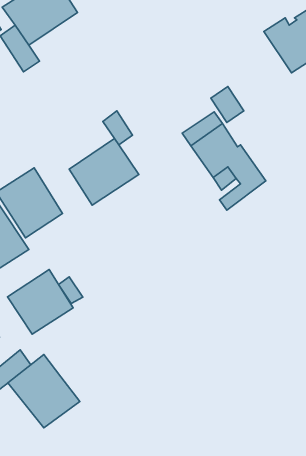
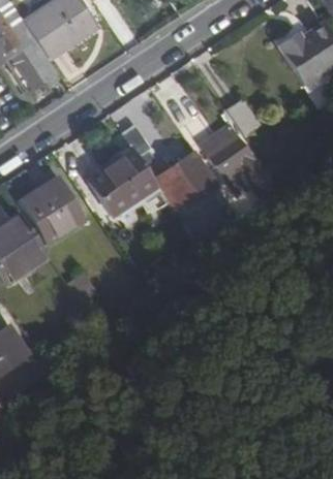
building: none -> [156,151,217,212]
building: [8,269,73,334] -> none
building: [8,354,80,428] -> none

